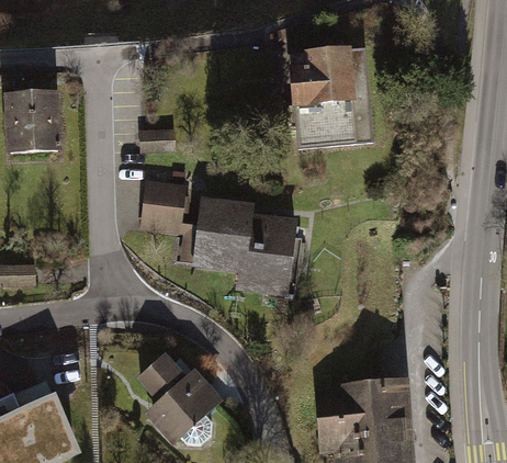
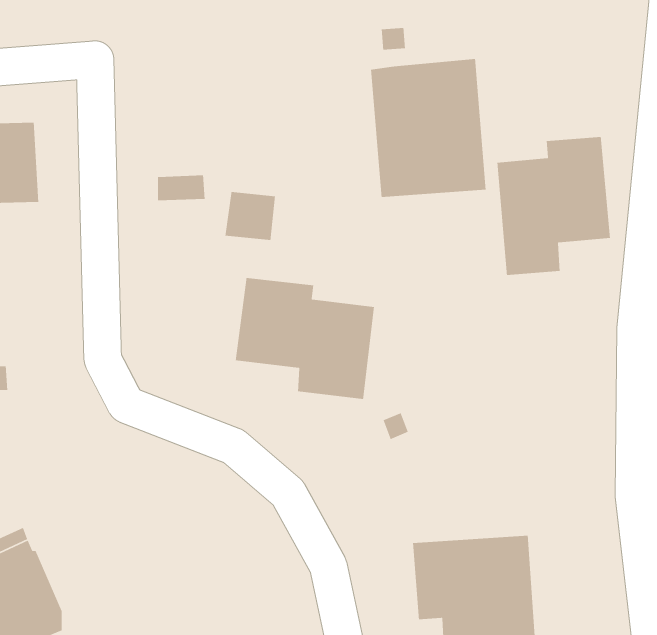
building: none -> [497,136,611,276]
building: [144,185,180,221] -> [225,191,276,241]
building: [142,354,218,441] -> none

